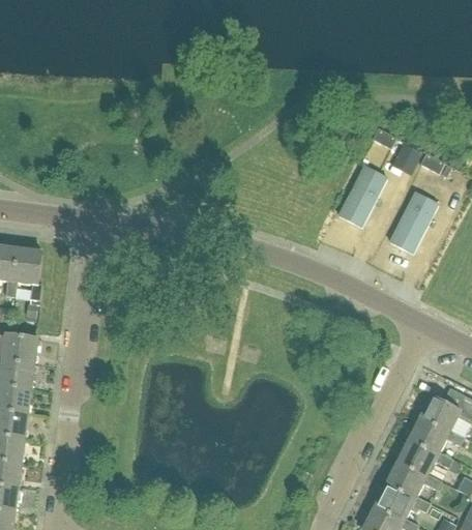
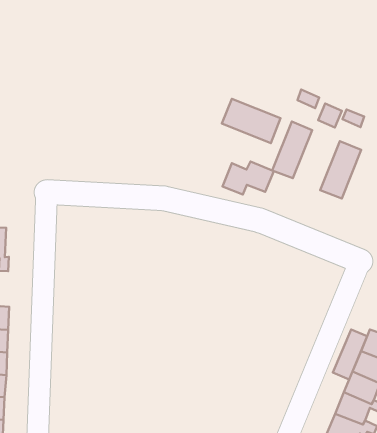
building: none -> [222,99,281,143]
building: none -> [222,162,274,195]
building: none -> [333,329,367,379]

